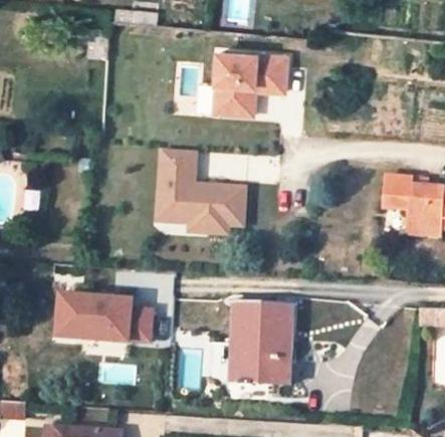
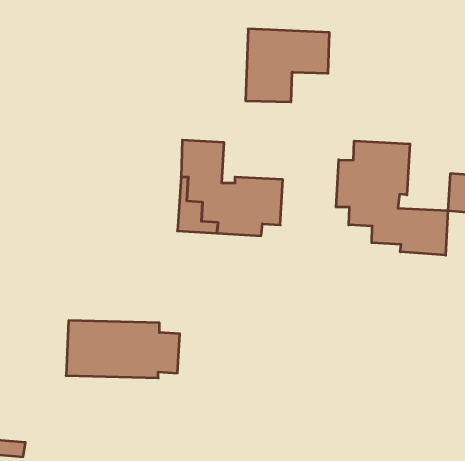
building: none -> [336,141,448,255]
building: [233,300,291,385] -> none

